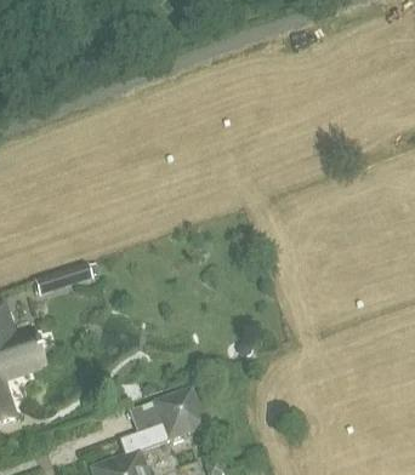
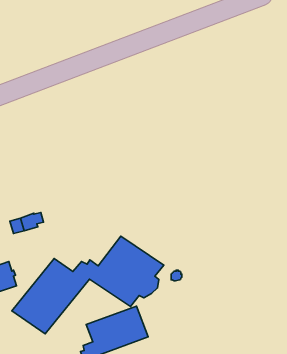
building: none -> [12,236,164,334]

